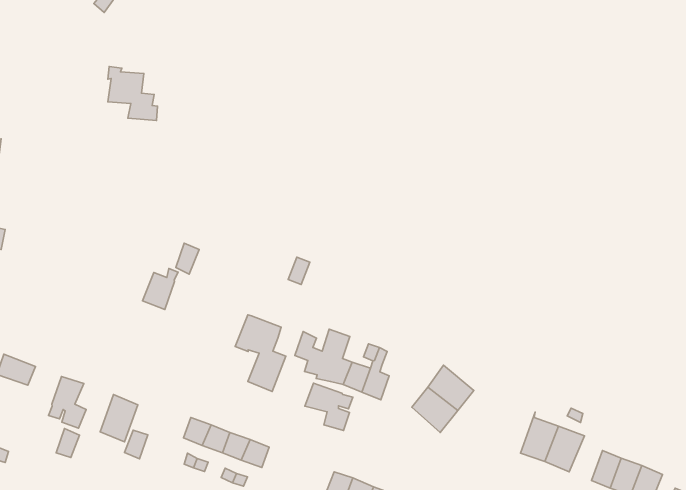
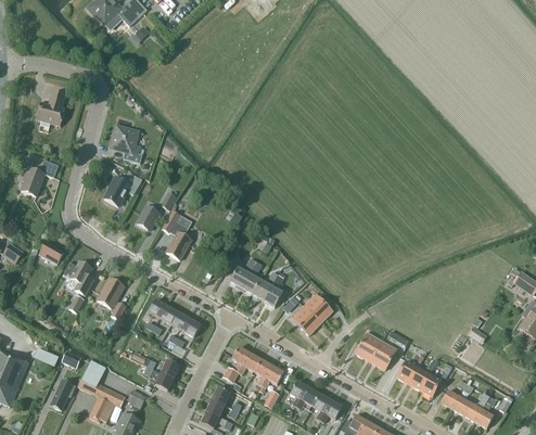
building: [108,67,158,121] -> [111,125,141,163]
building: none -> [103,172,141,206]
building: [235,315,286,392] -> [161,210,191,260]
building: [305,383,353,431] -> none

